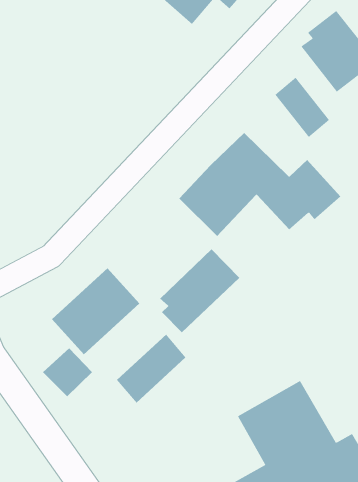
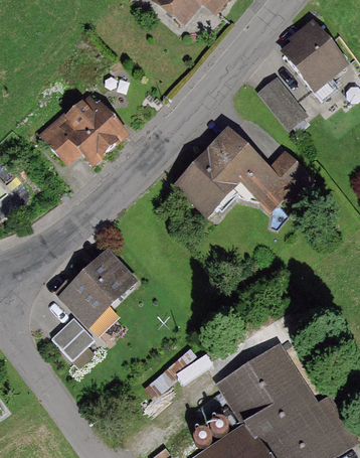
building: none -> [39,92,129,166]
building: [159,248,240,333] -> none
building: [116,334,186,403] -> none

